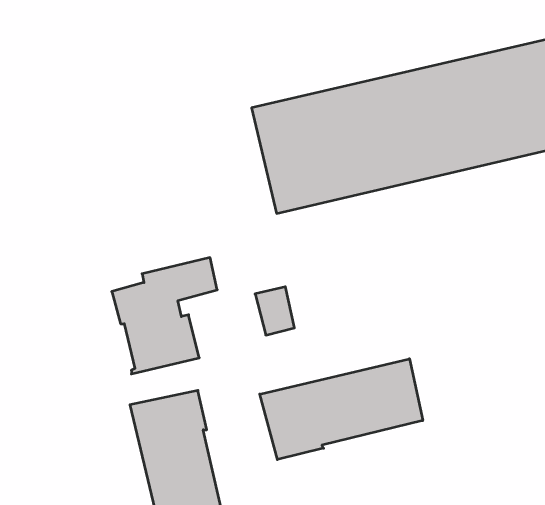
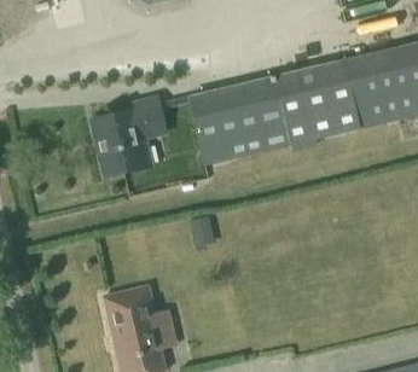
building: [112,258,217,374] -> [94,99,166,178]
building: [260,359,423,460] -> none

